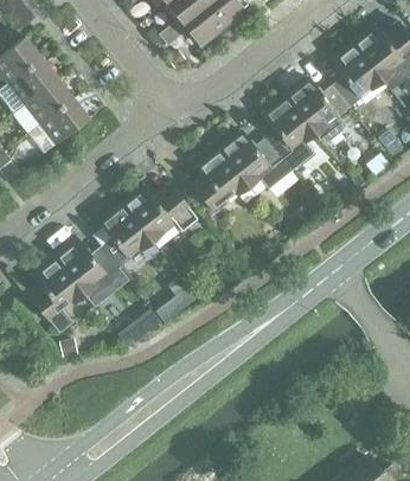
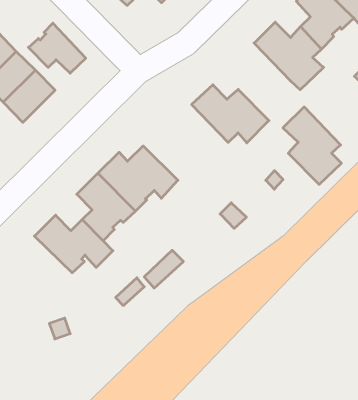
building: none -> [28,23,86,73]
building: [263,96,316,172] -> [283,107,341,184]
building: [197,148,250,214] -> none
building: [32,257,87,334] -> none

